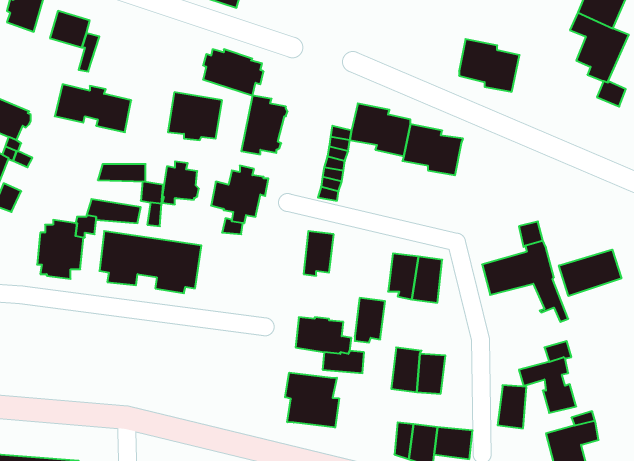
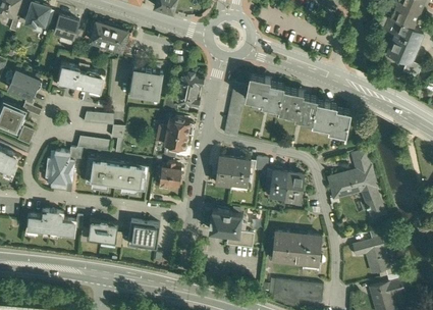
building: [459,39,520,92] -> [312,101,350,135]
building: [203,49,264,95] -> [90,22,128,52]
building: [162,161,199,204] -> [159,161,182,189]
building: [559,250,621,296] -> none
building: [355,298,385,343] -> [231,159,251,188]
building: none -> [25,210,76,237]
building: none -> [87,217,117,241]
building: none -> [126,221,158,249]
building: [285,373,339,428] -> none
building: [498,385,526,428] -> [303,236,321,263]

